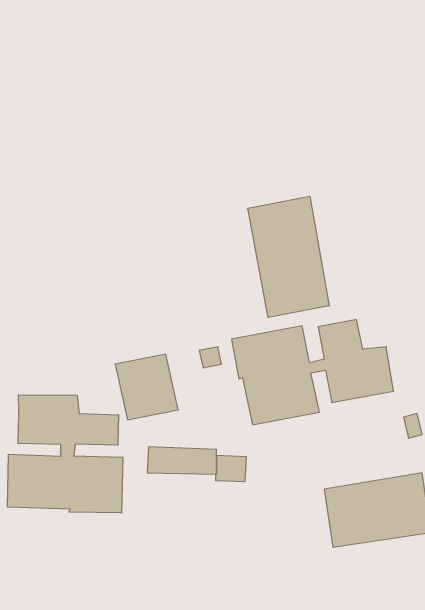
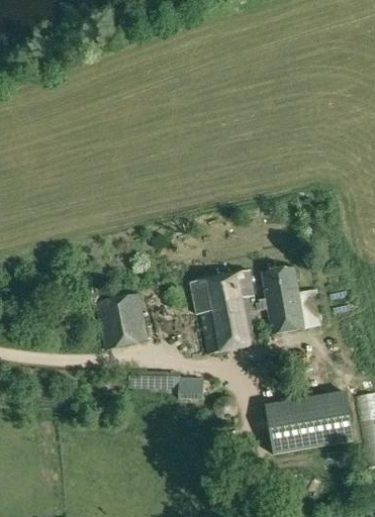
building: [248,196,329,318] -> none
building: [8,395,123,513] -> none

